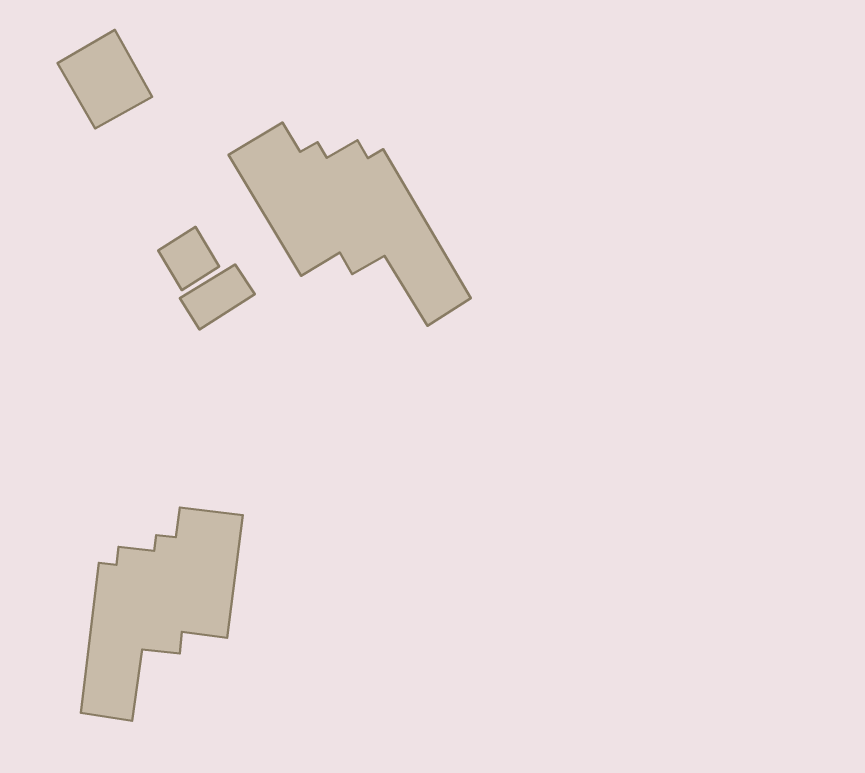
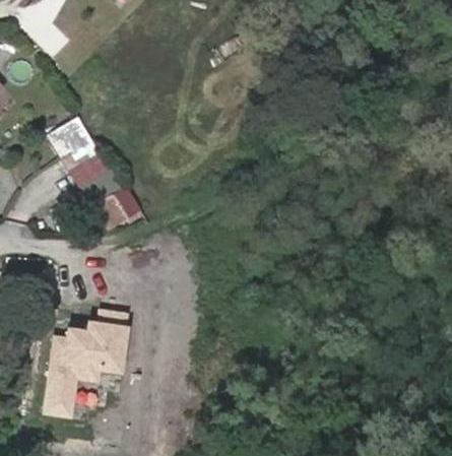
building: [57,30,152,128] -> [48,115,96,166]
building: [228,123,471,326] -> none

